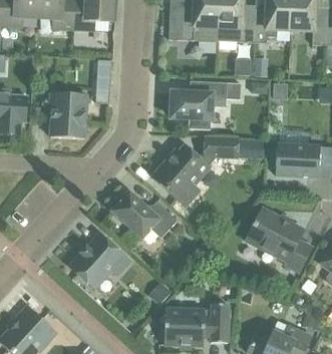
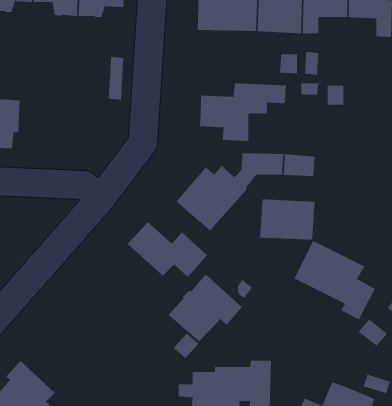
building: [49,92,86,138] -> none
building: [274,143,319,176] -> [259,199,315,240]
building: [68,233,128,288] -> [168,273,243,342]

